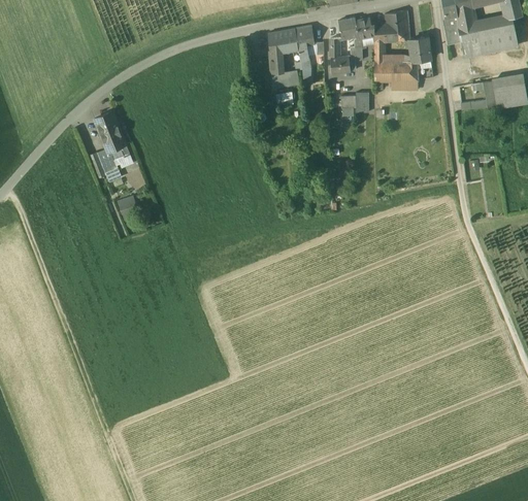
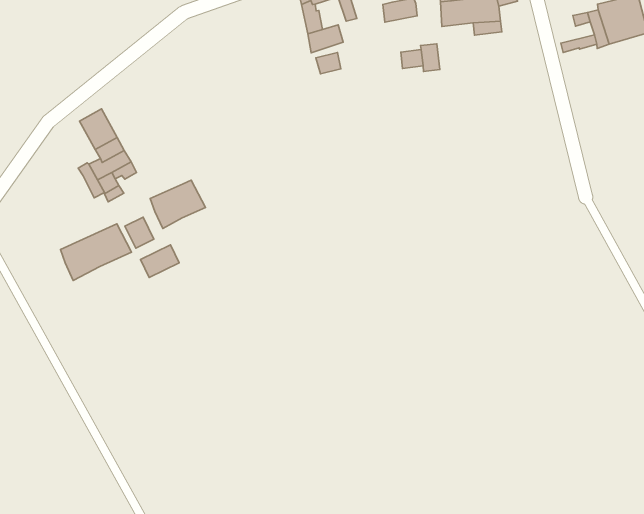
building: none -> [150,180,205,228]
building: none -> [61,224,131,280]
building: none -> [140,245,179,277]

